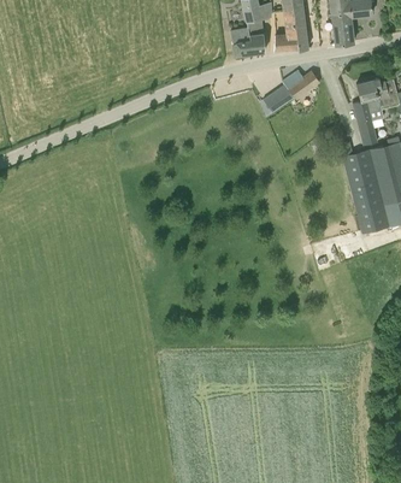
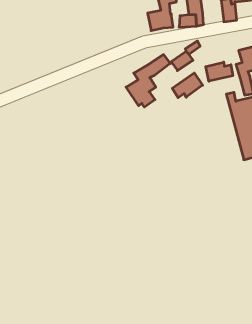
building: none -> [126,55,170,107]
building: none -> [206,62,233,81]
building: none -> [172,73,203,98]

